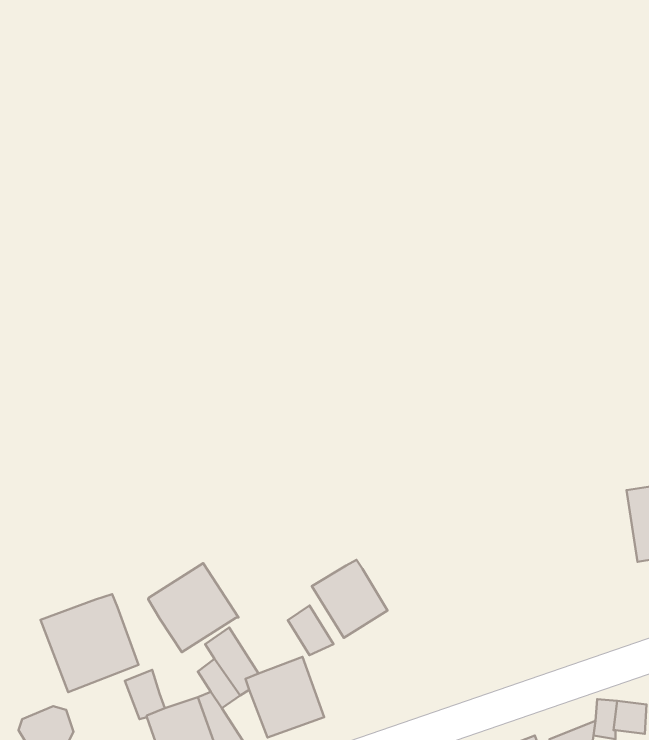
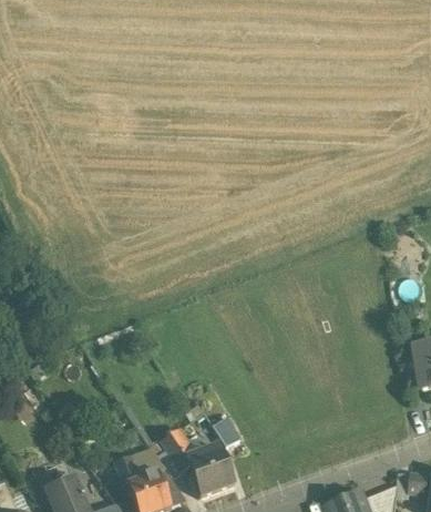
building: [312,560,387,638] -> none
building: [148,563,239,652] -> none
building: [41,594,138,692] -> none

